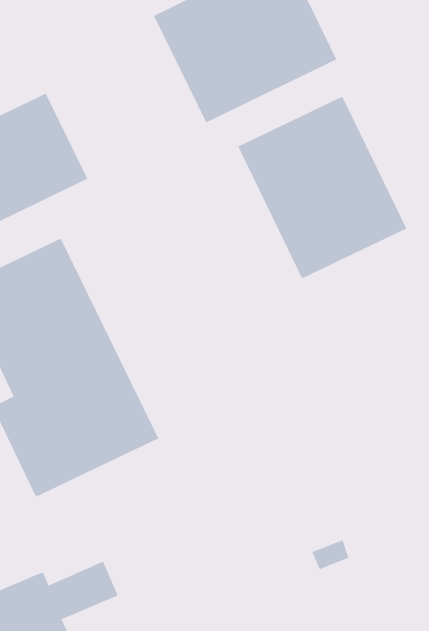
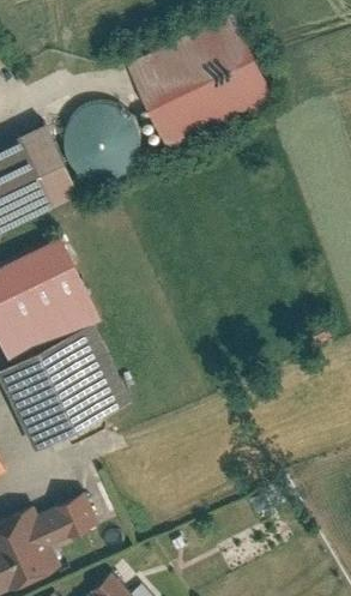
building: none -> [60,103,139,182]
building: [237,96,407,279] -> none

